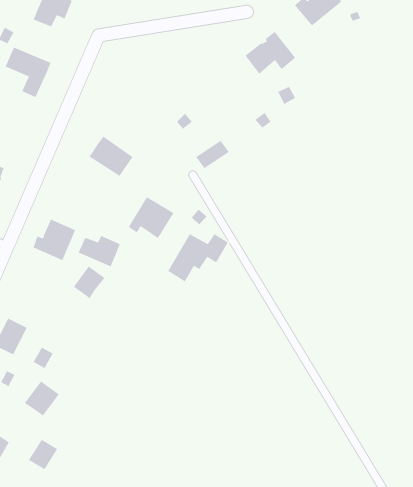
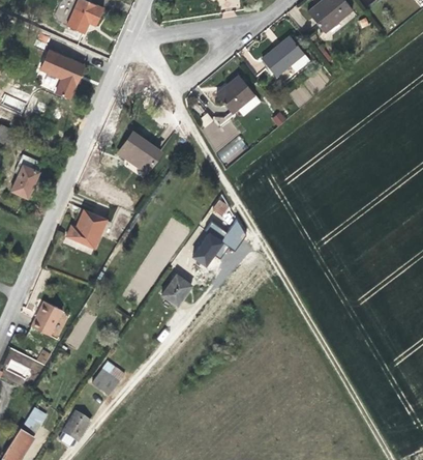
building: none -> [215,76,254,113]
building: [128,196,174,239] -> none
building: [78,235,121,268] -> none
building: [73,265,105,299] -> [161,275,191,306]
building: [24,381,60,417] -> [91,362,124,395]

